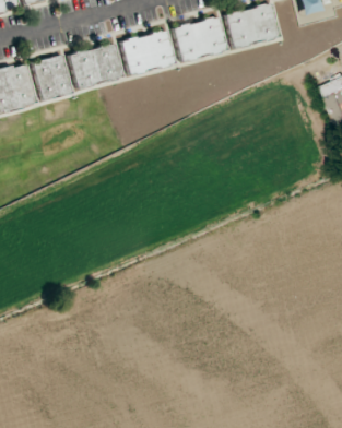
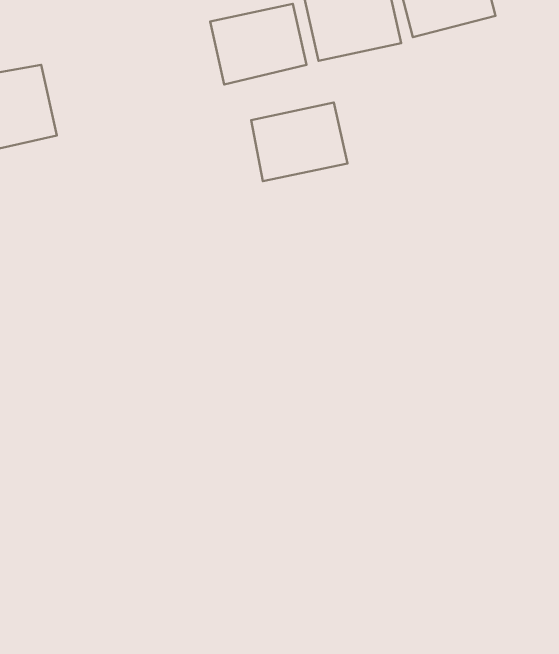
building: [68,45,121,88] -> [251,103,348,181]
building: [31,56,70,102] -> none

